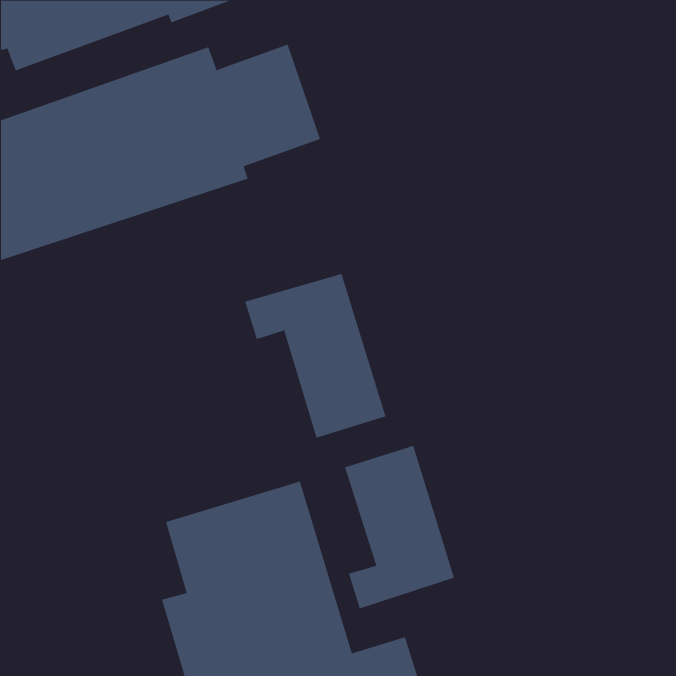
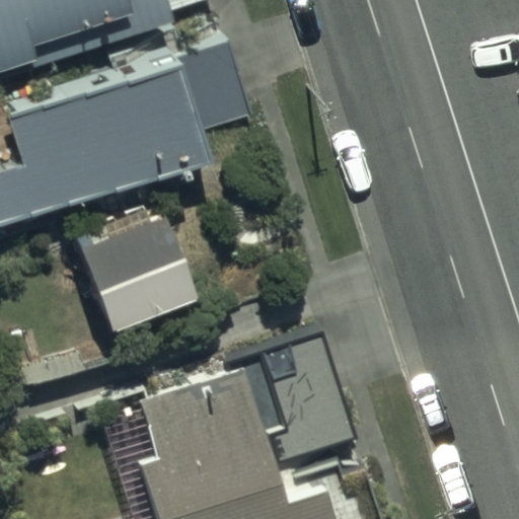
building: none -> [68,204,186,325]
building: [245,273,386,438] -> none

